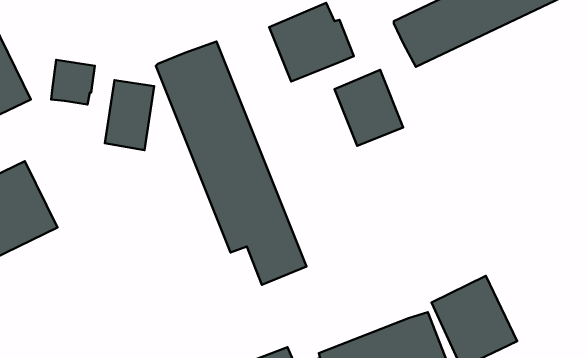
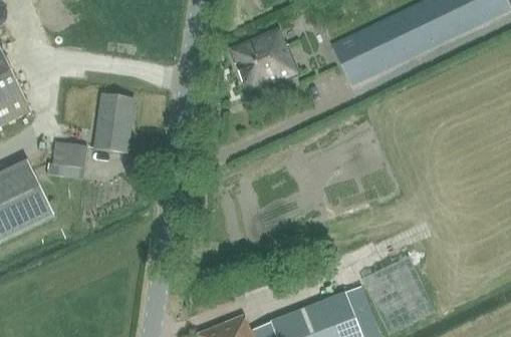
building: [156,41,306,285] -> none
building: [51,60,95,104] -> [50,140,86,178]
building: [335,70,403,146] -> none

